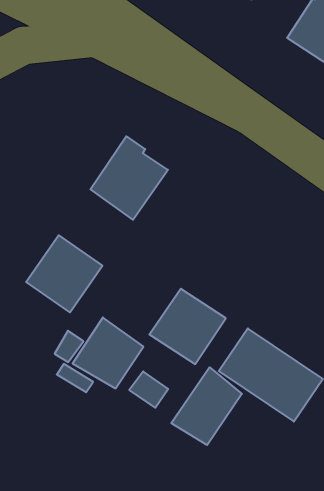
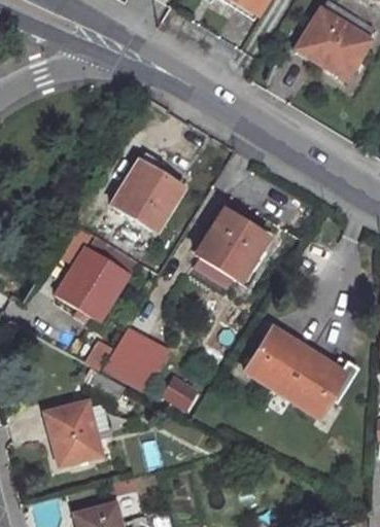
building: [149,289,226,364] -> [195,211,267,282]
building: [171,367,242,445] -> none
building: none -> [43,399,98,461]

